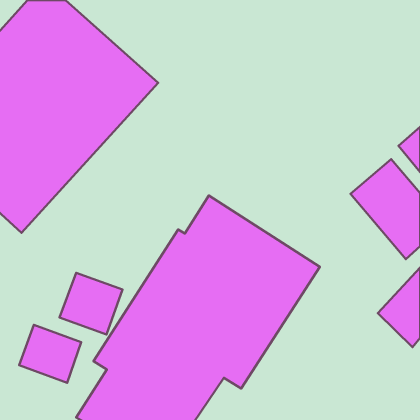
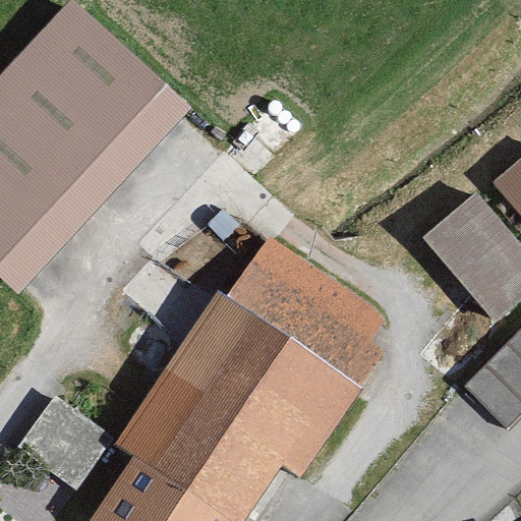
building: [59,273,123,335] -> none

